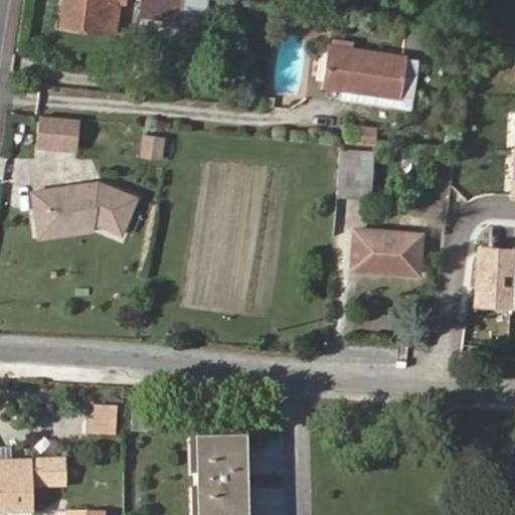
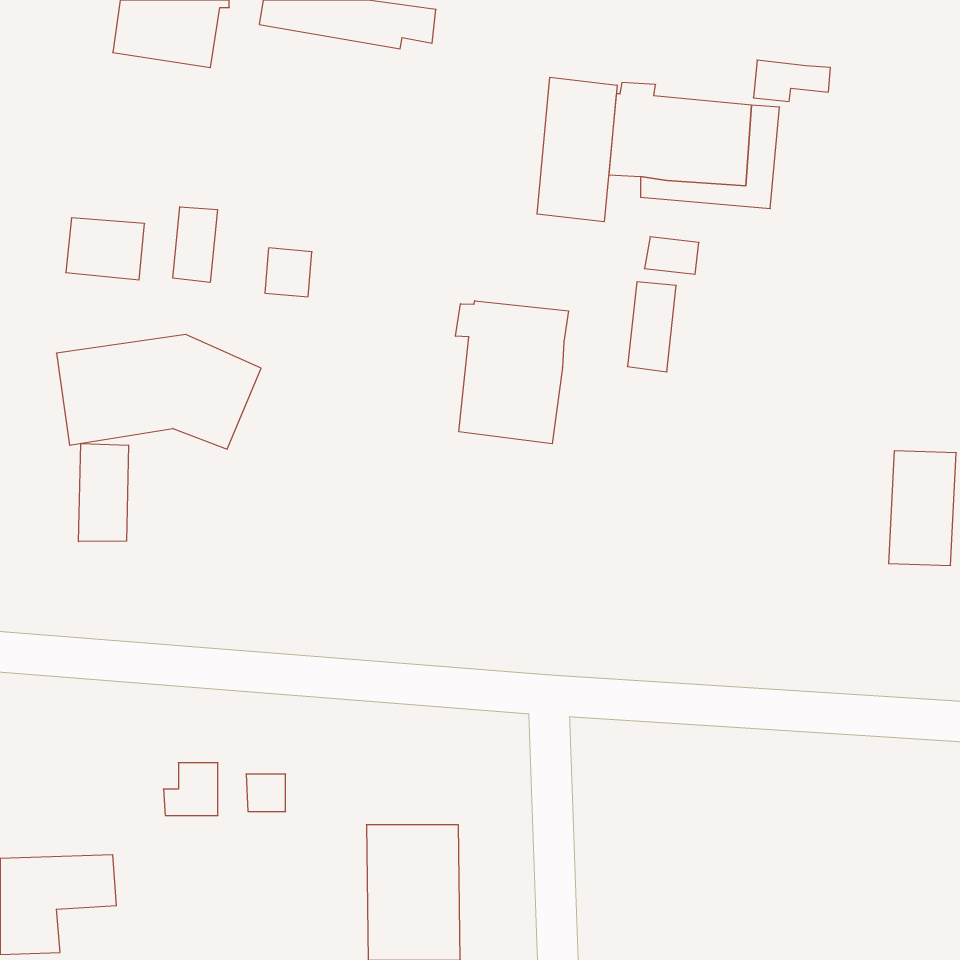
building: none -> [537,77,617,222]
building: none -> [173,207,218,282]
building: none -> [456,301,568,444]
building: [351,227,420,275] -> none
building: none -> [79,443,128,542]

